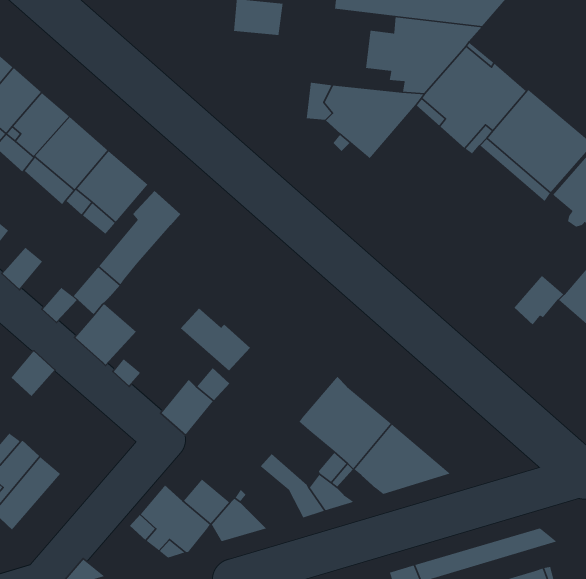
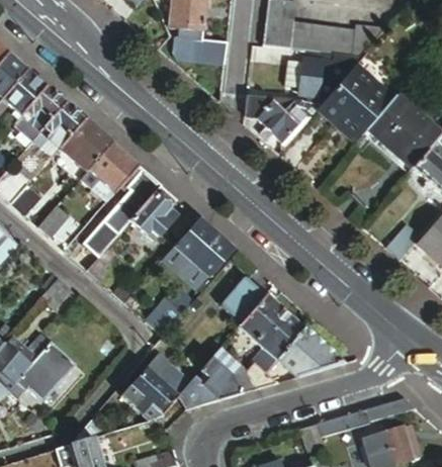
building: none -> [129,192,176,238]
building: none -> [171,217,231,275]
building: none -> [220,277,265,322]
building: none -> [201,356,242,398]

